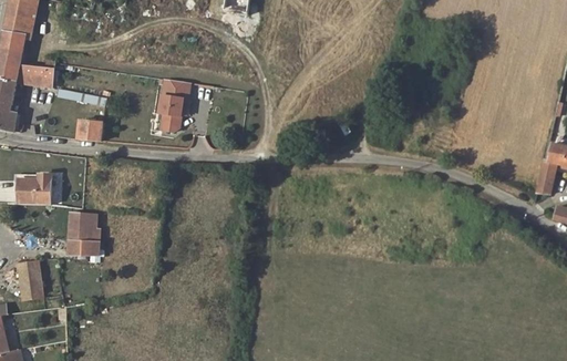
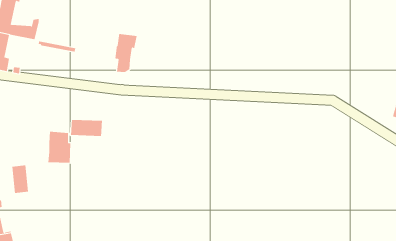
building: [78,118,102,141] -> none
building: [17,173,49,204] -> none
building: none -> [71,119,102,137]

